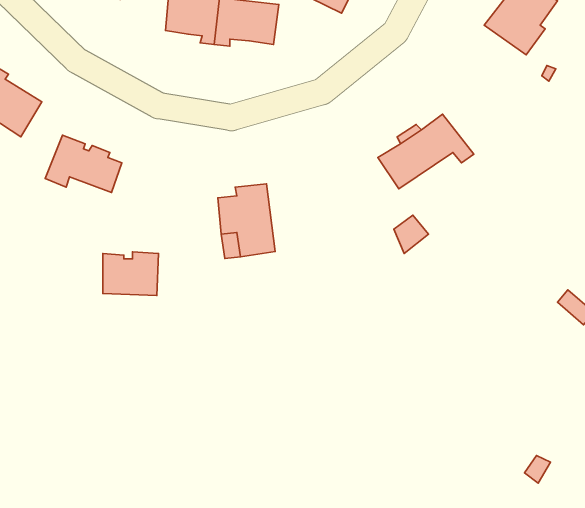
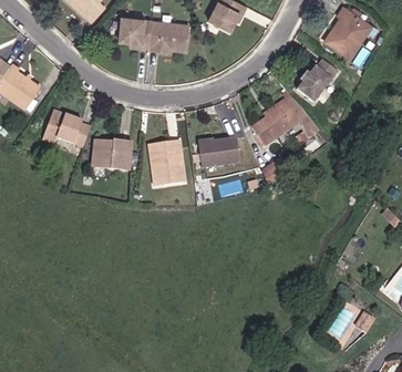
building: none -> [299,56,340,101]
building: none -> [206,135,243,164]
building: [103,252,159,295] -> [97,140,133,167]

